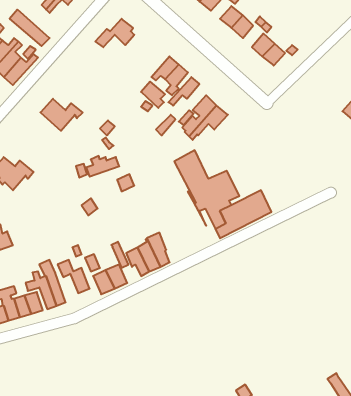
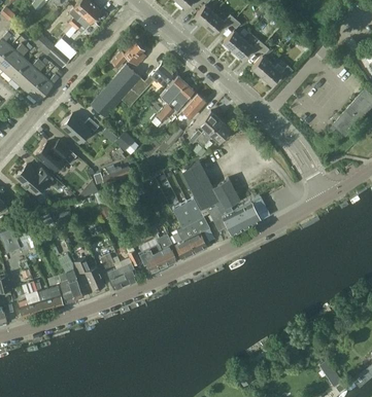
building: none -> [91,62,175,117]
building: none -> [37,141,78,172]
building: none -> [173,197,211,259]

